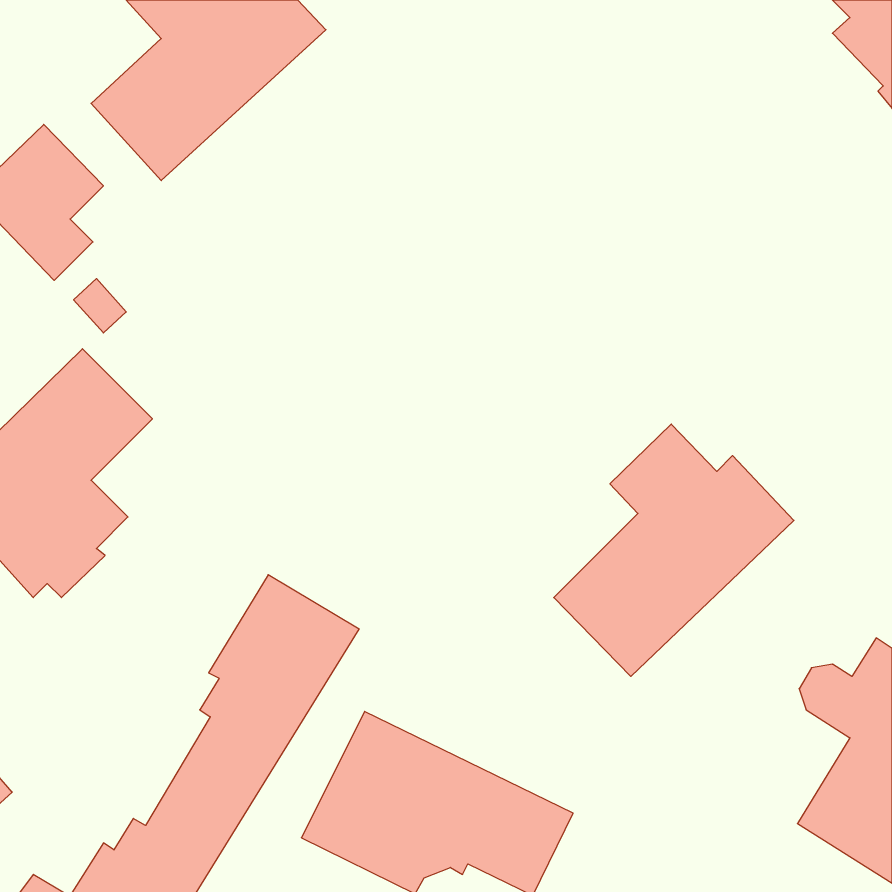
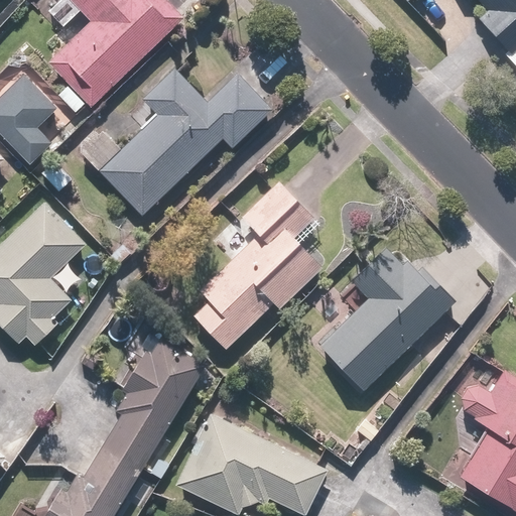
building: none -> [81,70,272,216]
building: none -> [192,179,326,352]

